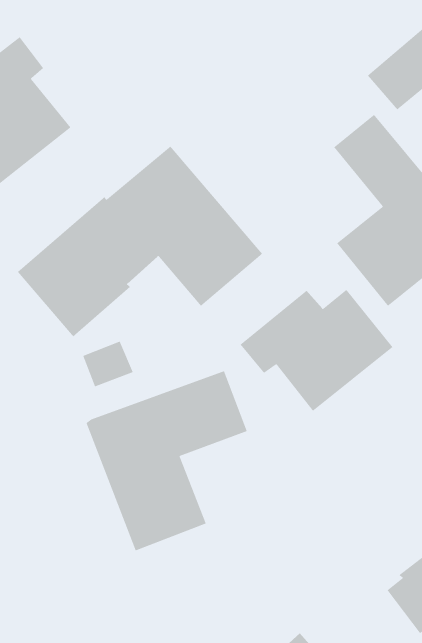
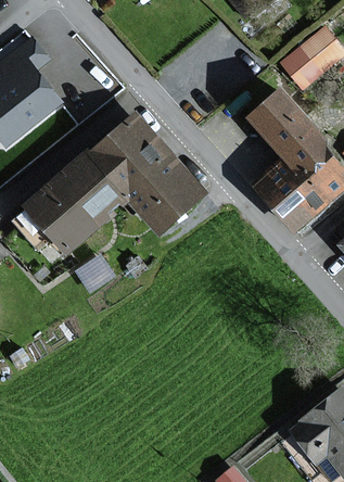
building: [240,289,394,412] -> none
building: [86,370,248,551] -> none

